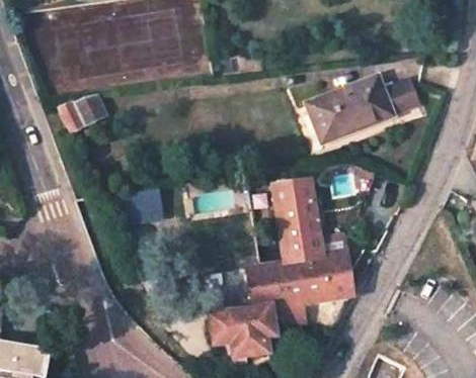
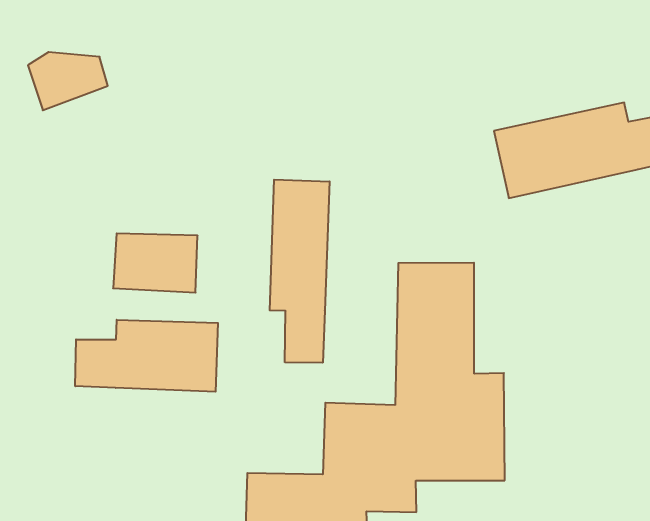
building: none -> [270,180,330,363]
building: none -> [75,320,218,392]

